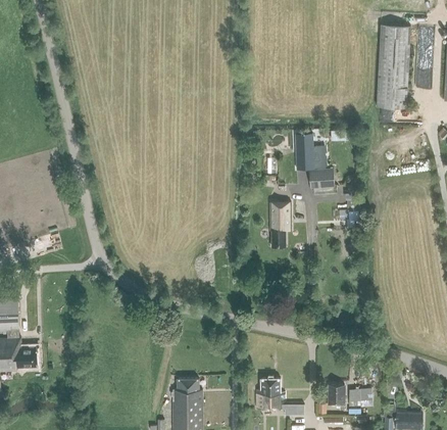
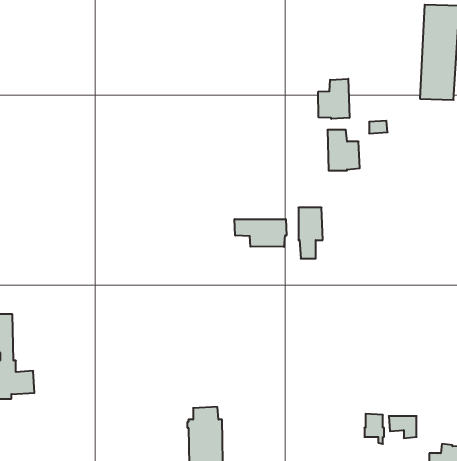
building: none -> [318,79,349,119]
building: [308,170,334,189] -> none
building: none -> [235,219,286,247]
building: [256,379,284,418] -> none

